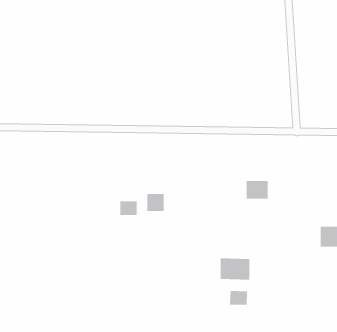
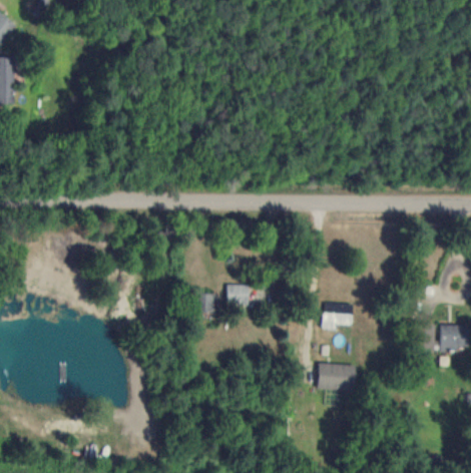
building: [246,180,269,199] -> [324,304,352,327]
building: [230,290,248,306] -> none

